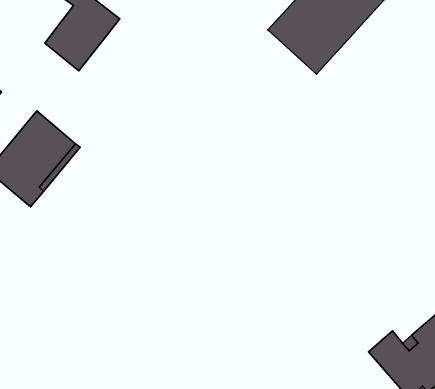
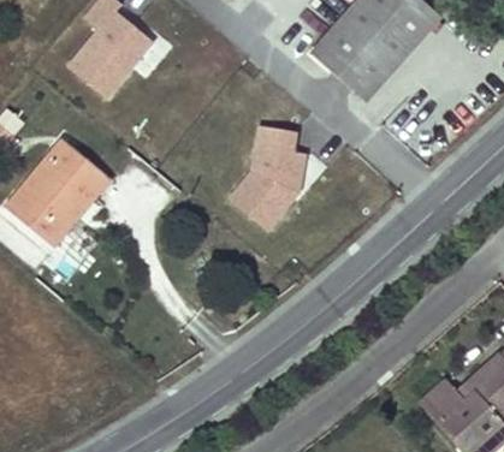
building: none -> [227,125,307,236]

